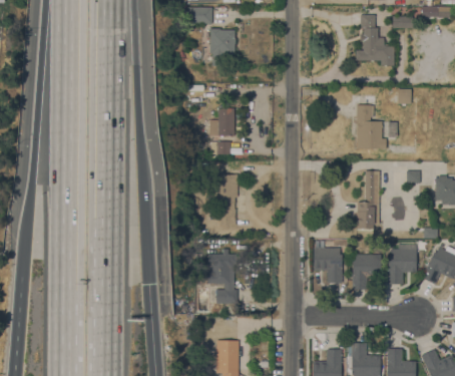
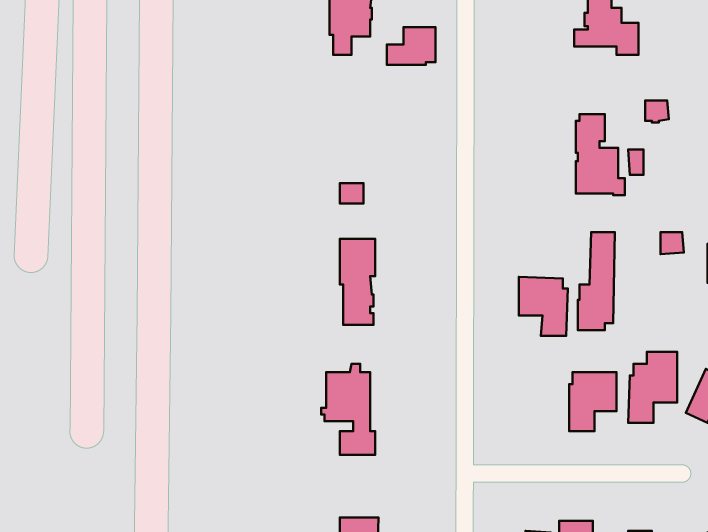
building: none -> [387,27,435,65]
building: [208,107,234,137] -> none
building: [313,247,342,282] -> [519,277,568,336]

